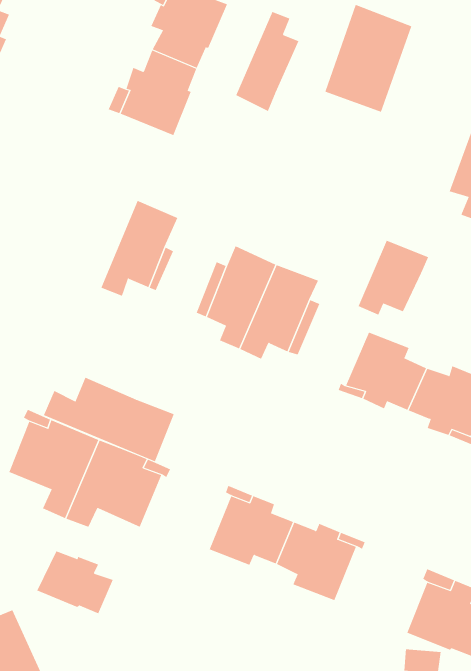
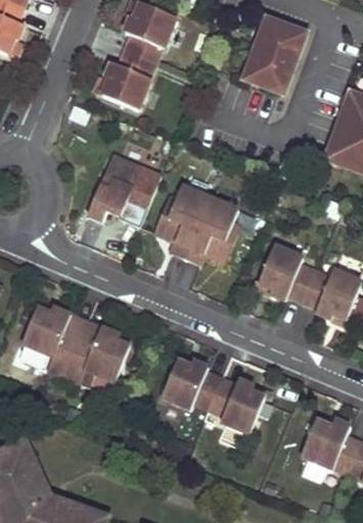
building: [236,11,299,112] -> none
building: [358,240,429,315] -> none
building: [43,377,174,462] -> none
building: [37,550,114,614] -> none

